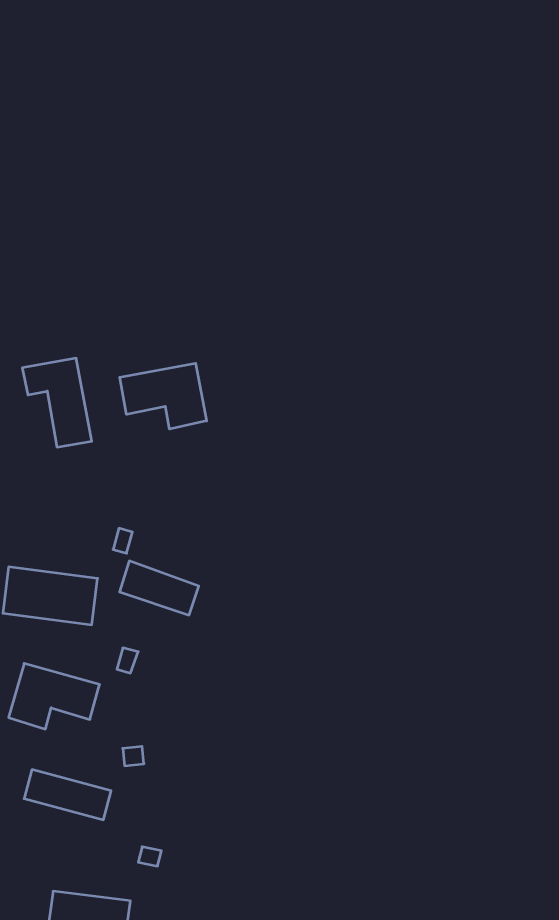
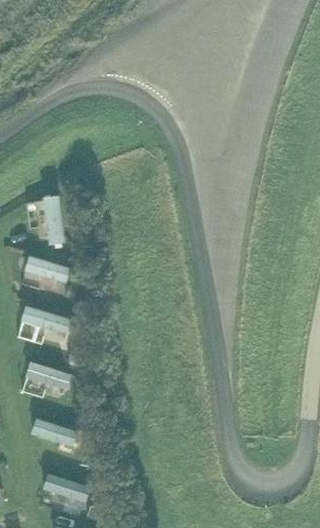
building: [120,363,207,429] -> none
building: [120,561,199,615] -> [25,253,68,282]

